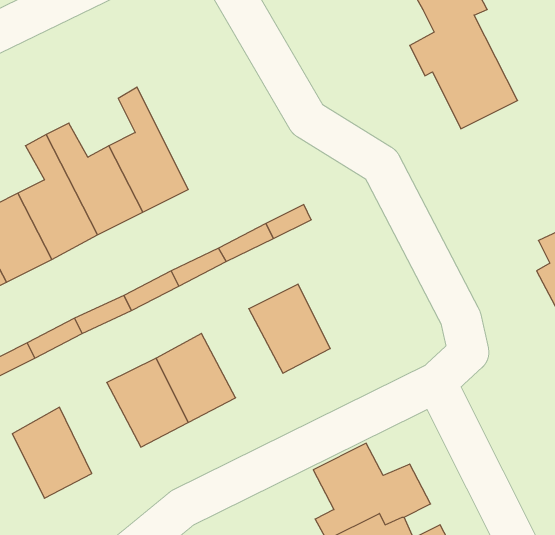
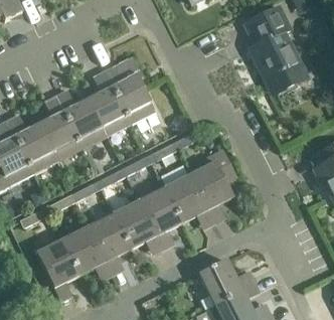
building: none -> [104,55,157,124]
building: none -> [189,148,235,208]
building: none -> [138,187,181,234]
building: none -> [62,226,106,275]

